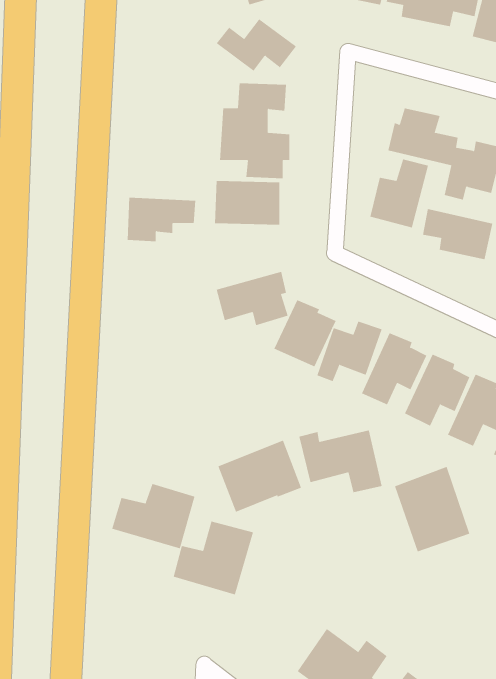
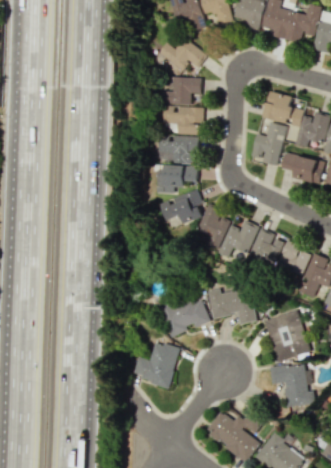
building: [127,197,196,242] -> [154,165,196,192]
building: [111,483,195,549] -> none
building: none -> [269,362,313,407]

